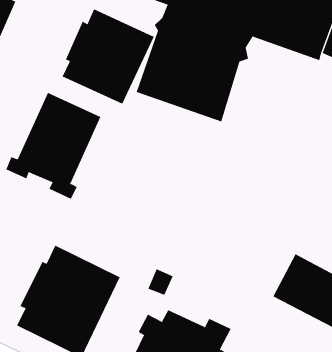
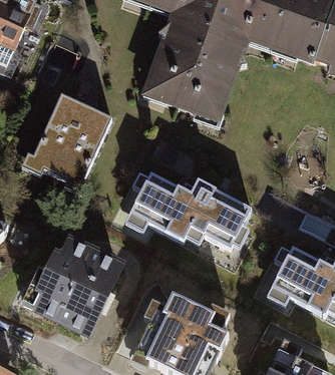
building: [62,9,155,105] -> none
building: none -> [129,172,252,249]

